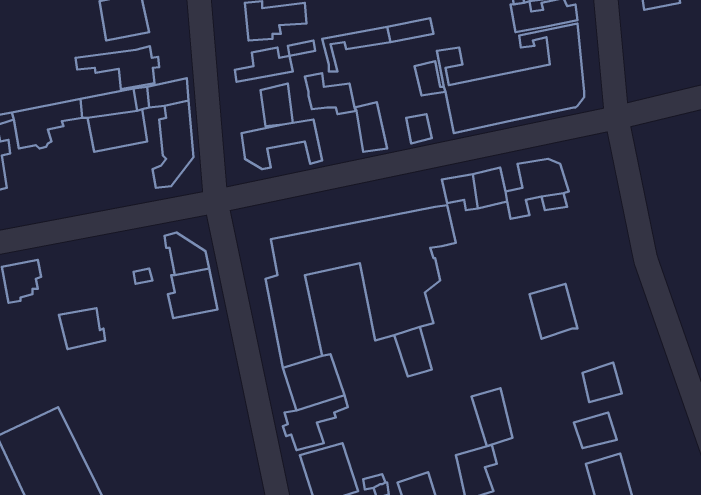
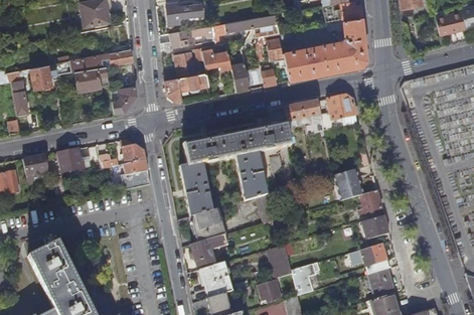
building: [75,46,159,89] -> none
building: [59,308,105,349] -> [57,148,85,172]
building: none -> [359,189,382,213]
building: [471,388,512,446] -> [268,244,292,278]

